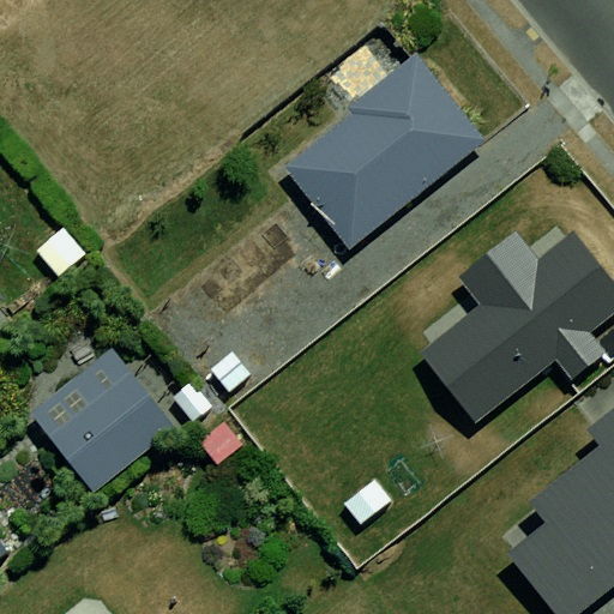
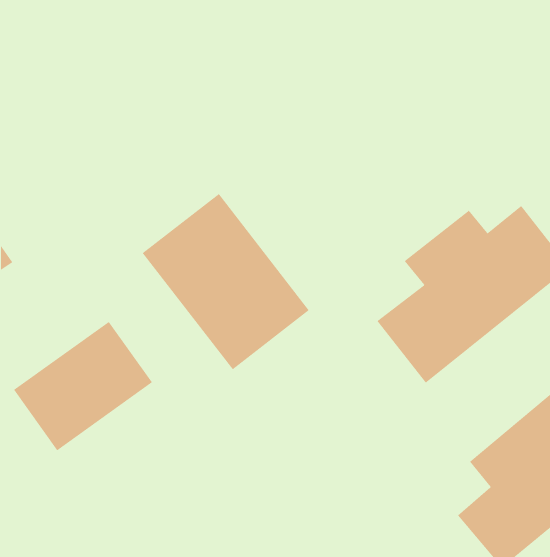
building: [291,65,478,240] -> none
building: none -> [142,193,310,370]

